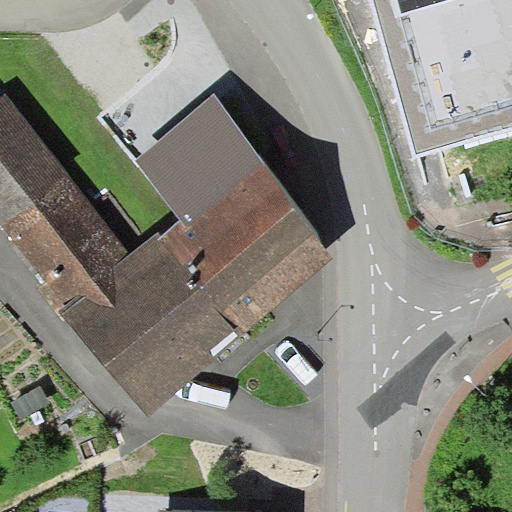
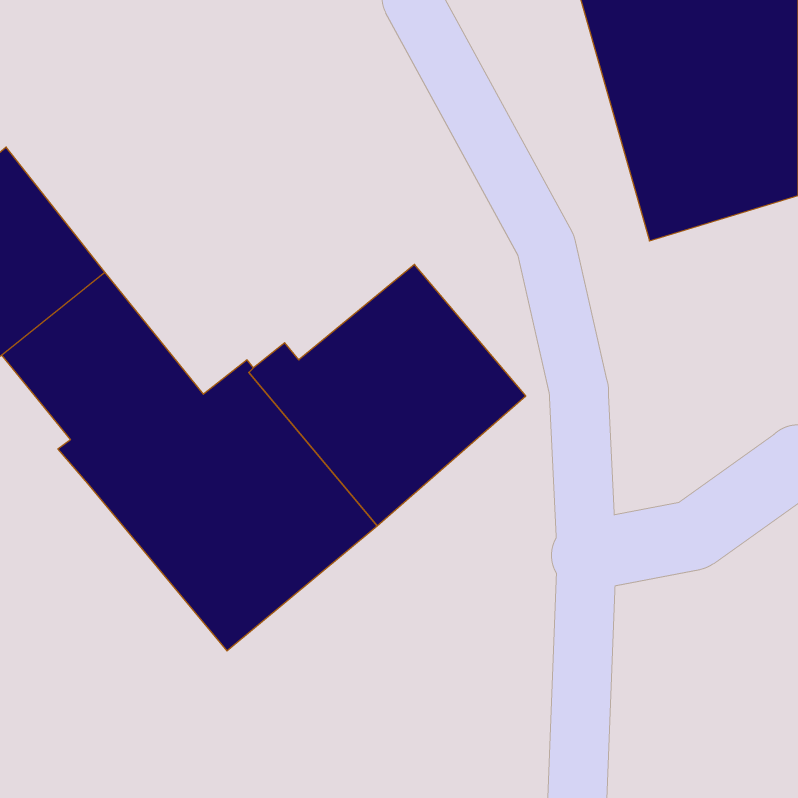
building: [133,94,271,230] -> none

